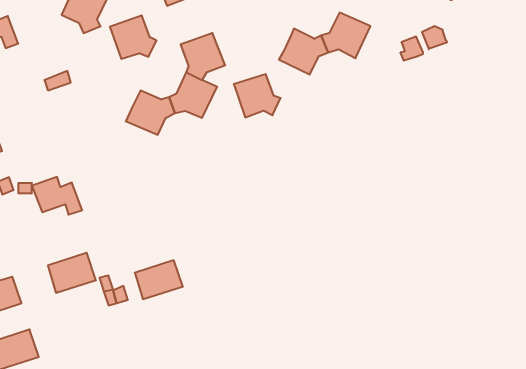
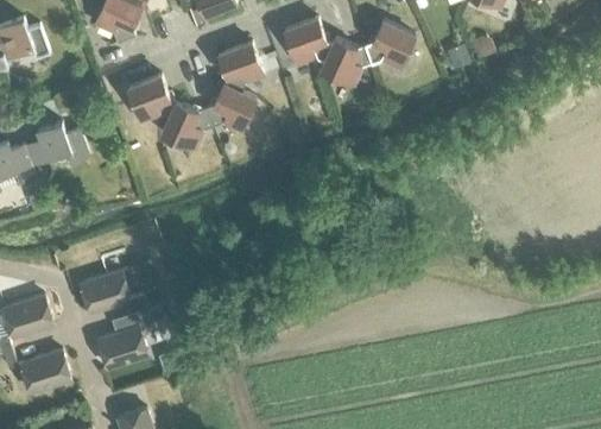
building: [110,15,157,59] -> [127,76,176,121]
building: [234,74,281,117] -> [284,19,333,64]
building: [32,177,82,215] -> [36,122,88,162]
building: [135,260,183,299] -> [97,327,147,367]

